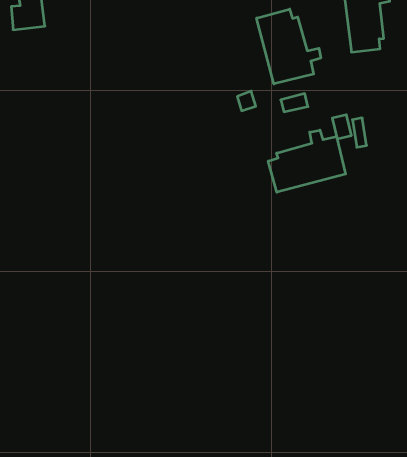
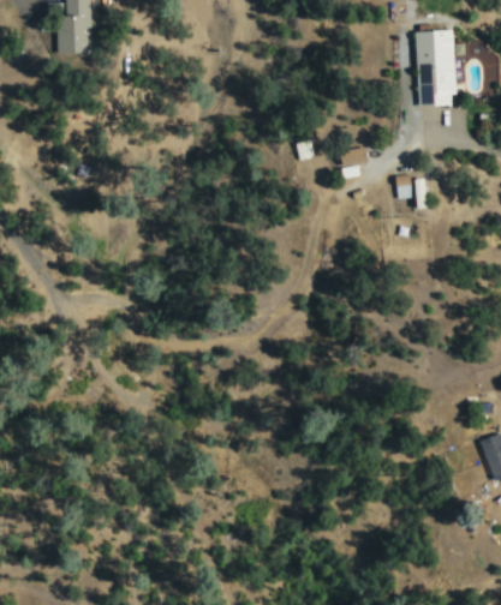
building: [257,9,321,84] -> none
building: [268,130,346,192] -> none

